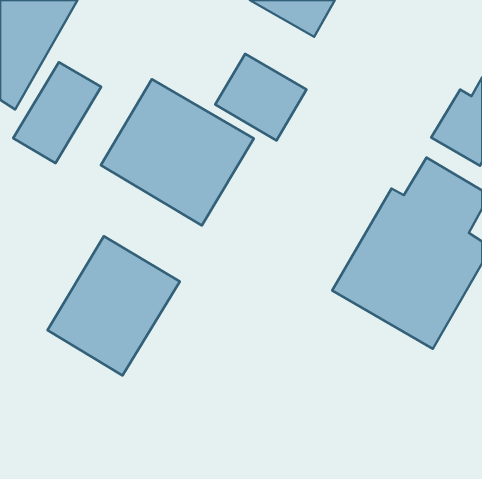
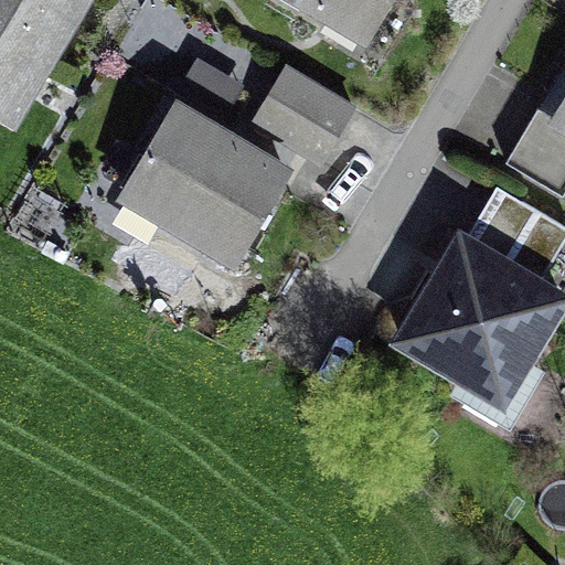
building: [13,62,101,163] -> none
building: [48,236,180,375] -> none

